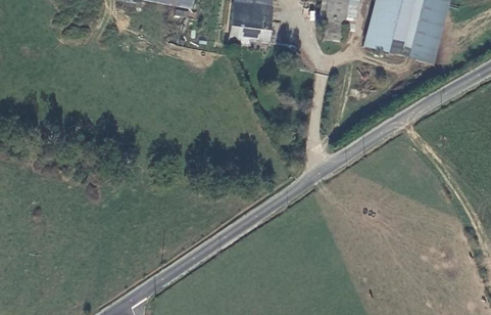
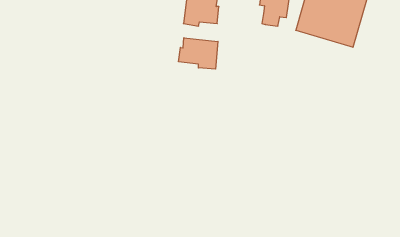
building: none -> [179,38,218,69]

